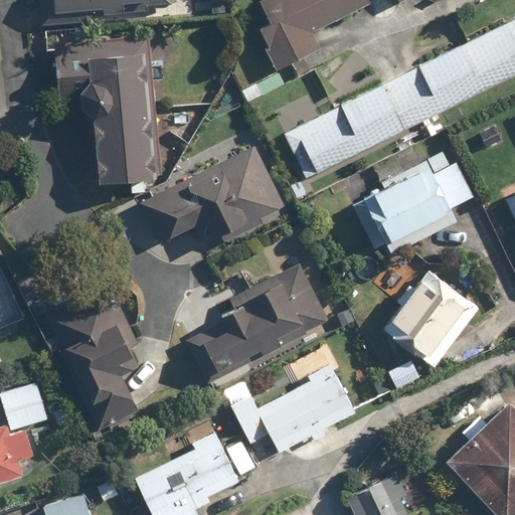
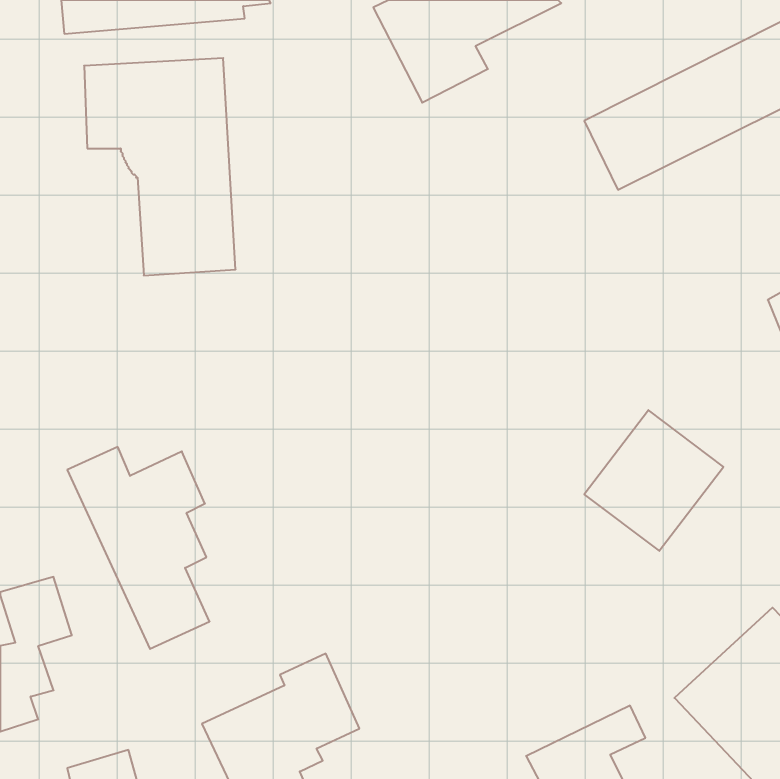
building: [283,81,407,177] -> none
building: [142,148,284,243] -> none
building: [368,150,477,240] -> none
building: [186,264,329,384] -> none
building: [224,348,355,452] -> none

